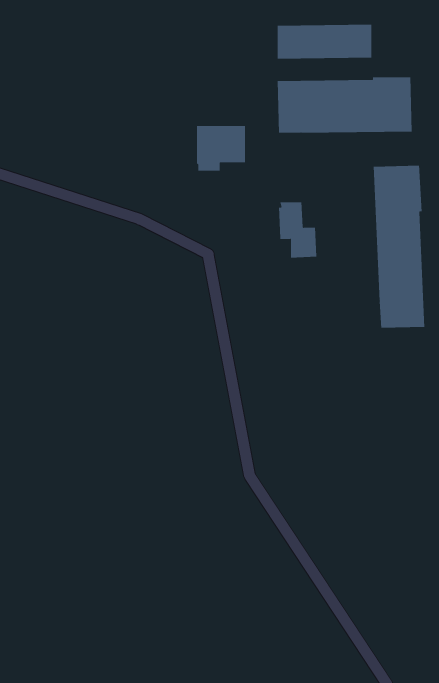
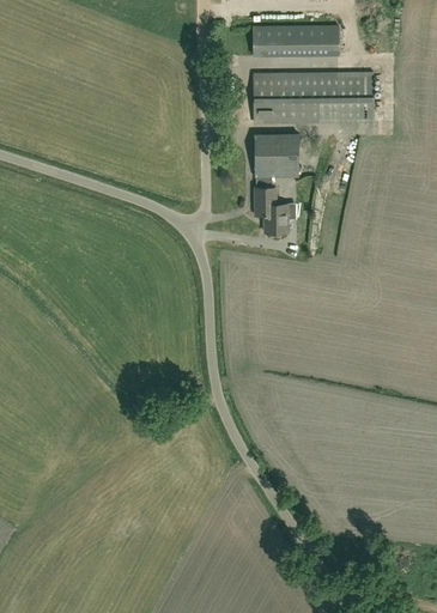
building: [196,125,246,171] -> [254,141,298,182]
building: [373,165,425,329] -> none

